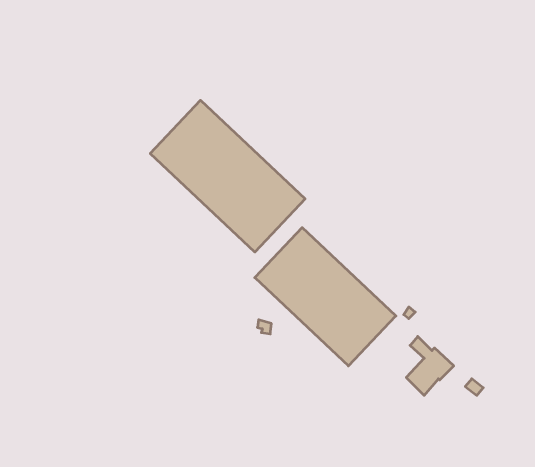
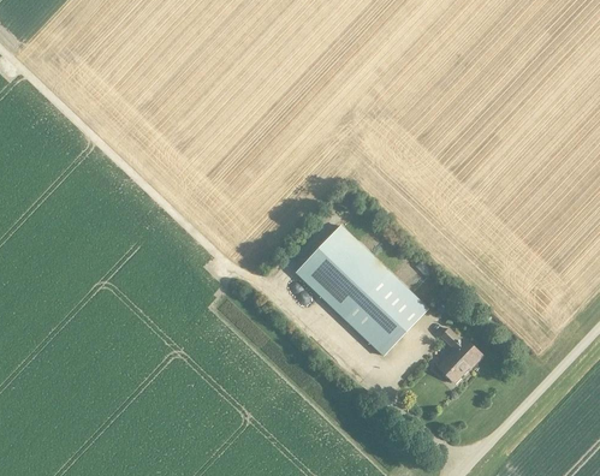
building: [150,100,305,252] -> none

